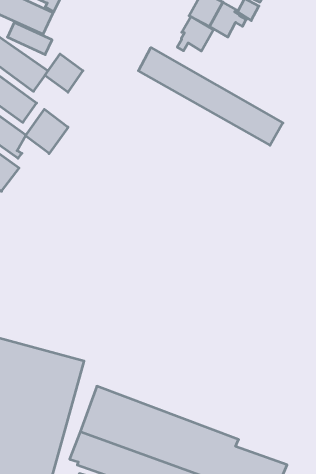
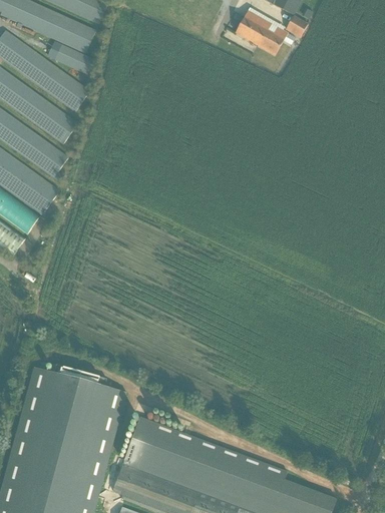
building: [177,17,213,51] -> none
building: [138,48,283,145] -> none
building: [45,54,83,92] -> none
building: [25,109,68,154] -> none

